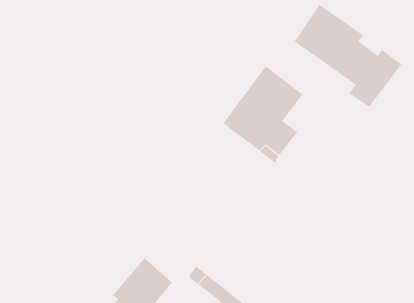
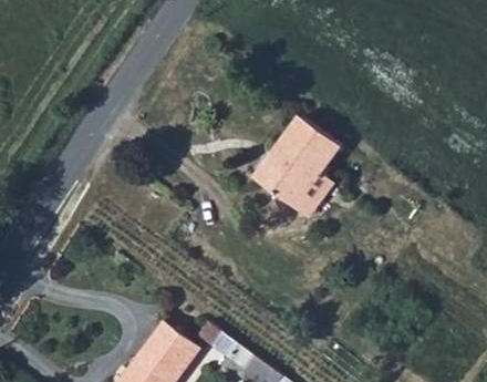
building: [294,4,402,107] -> none

